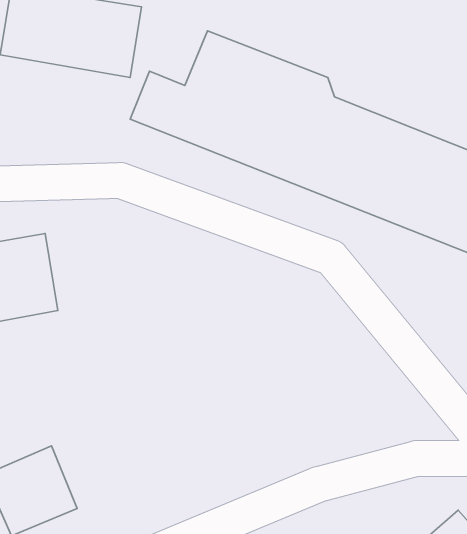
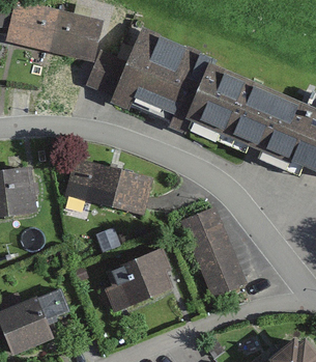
building: none -> [63,159,151,213]
building: none -> [183,206,245,297]
building: none -> [100,250,180,318]

